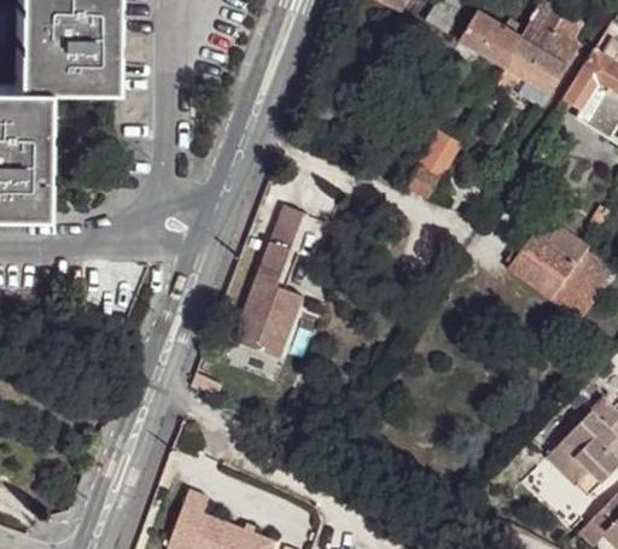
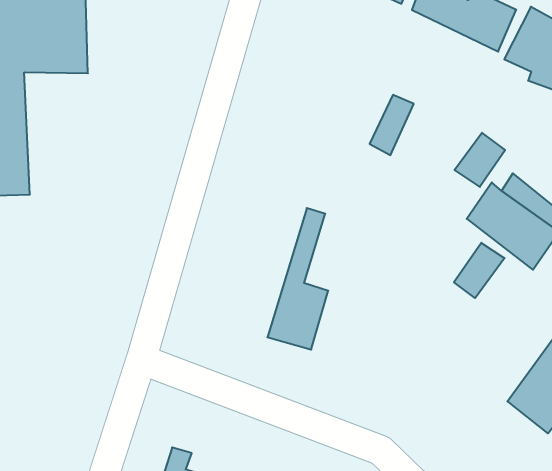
building: none -> [455,133,505,187]
building: [239,206,308,357] -> [267,208,328,350]
building: none -> [454,243,505,298]

